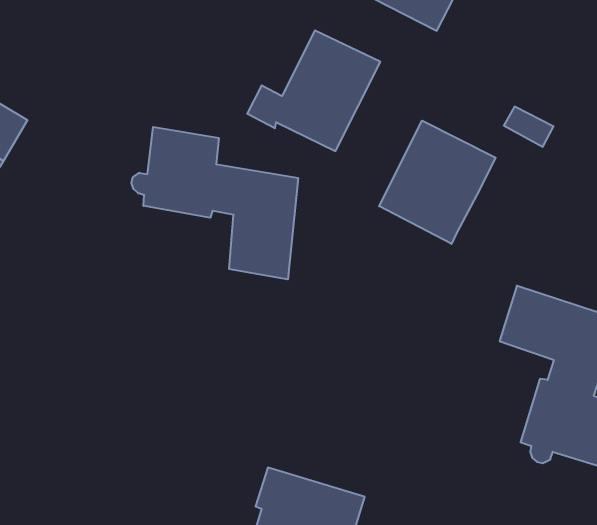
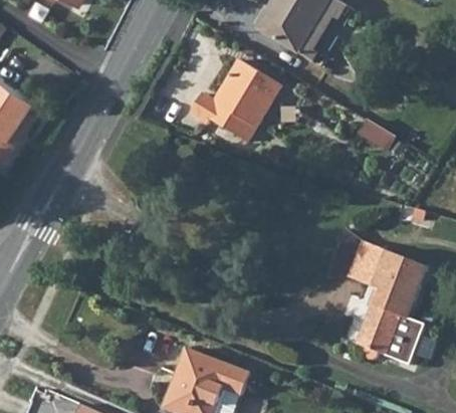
building: [379,121,496,244] -> none
building: [131,127,298,279] -> none

